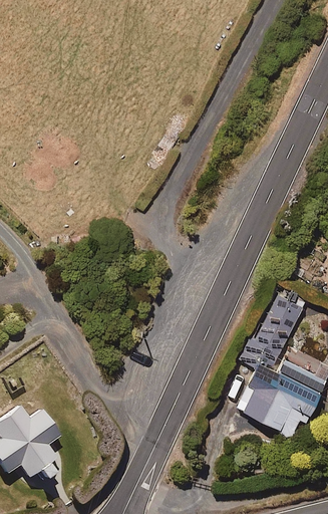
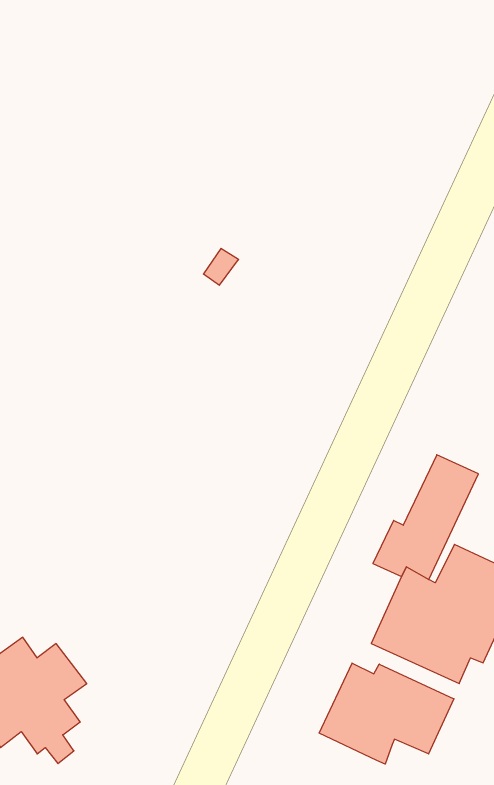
building: none -> [319,663,454,764]

